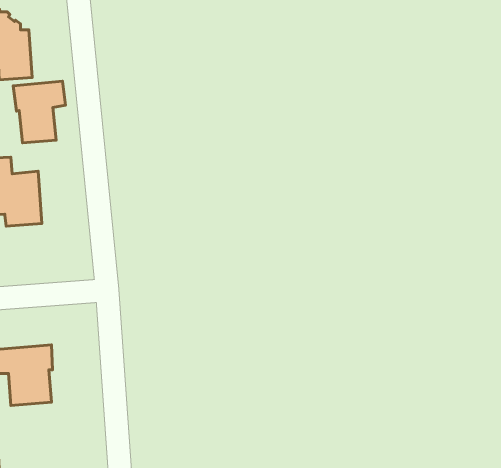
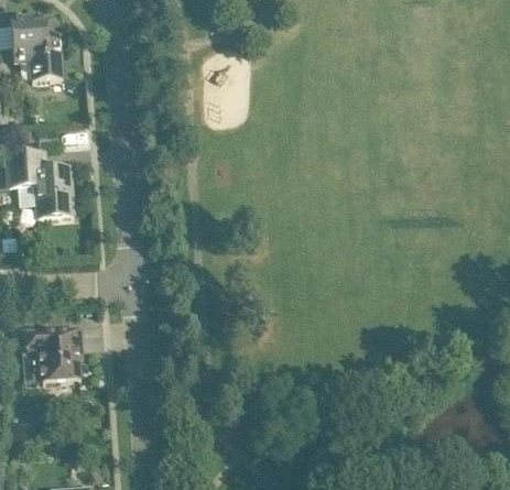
building: [13,81,65,143] -> none

